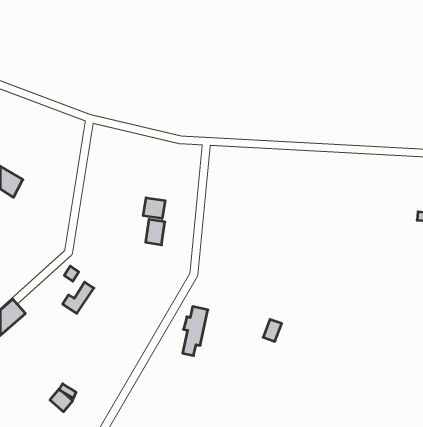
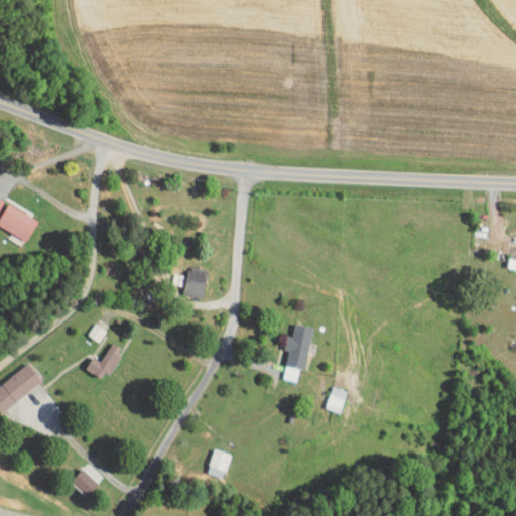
building: [143,198,165,219] -> none
building: [183,307,208,356] -> [283,324,313,382]
building: none -> [206,449,231,479]

